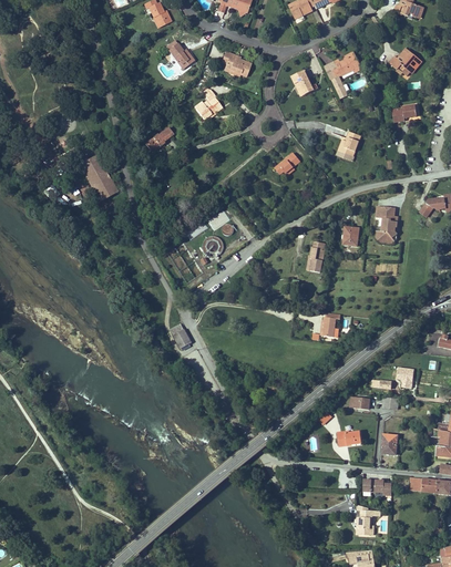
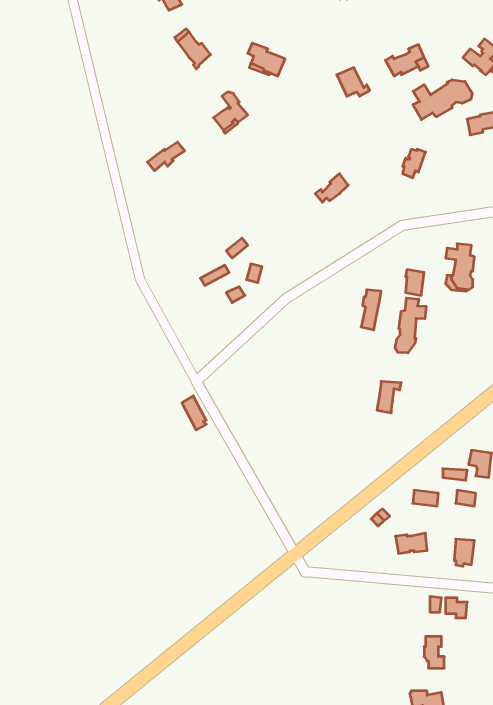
building: none -> [413,80,472,120]
building: [78,154,116,200] -> none
building: none -> [395,298,426,353]

